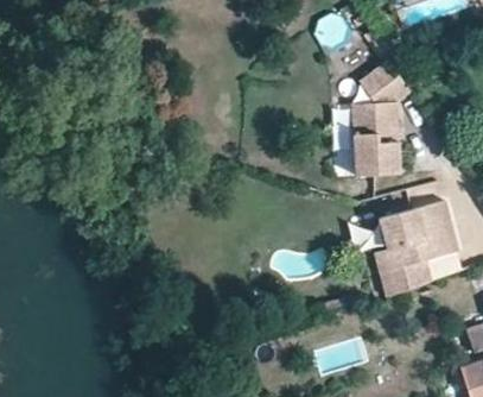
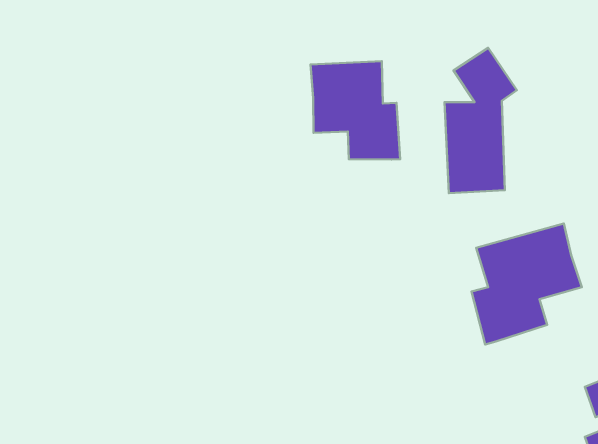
building: none -> [310,61,400,159]

